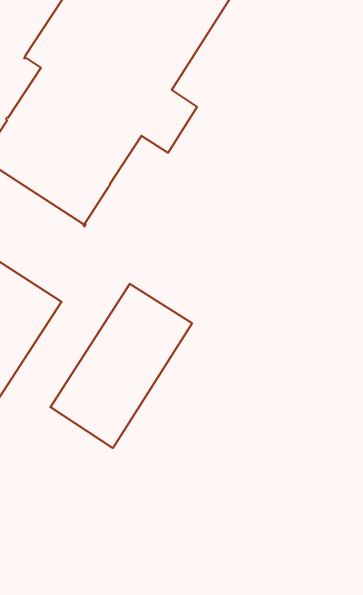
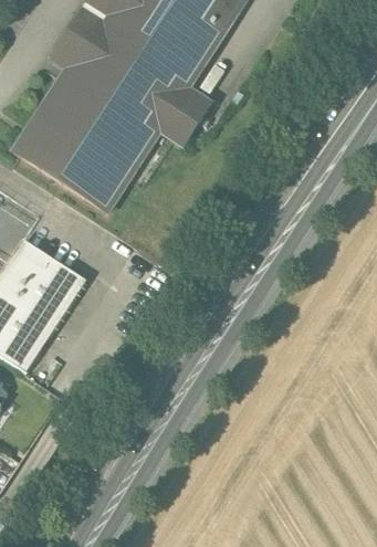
building: [50,284,192,448] -> none

